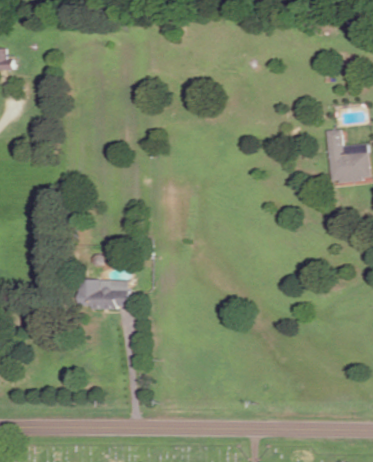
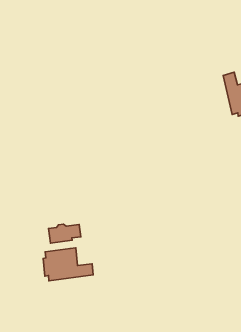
building: none -> [43,248,93,281]

